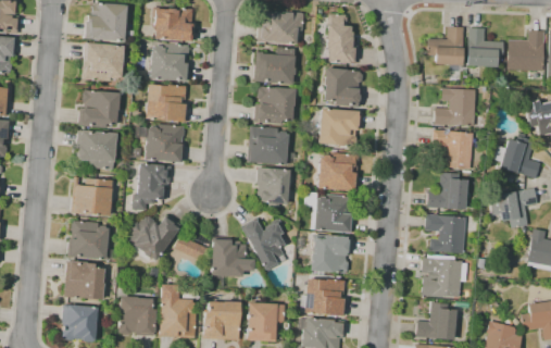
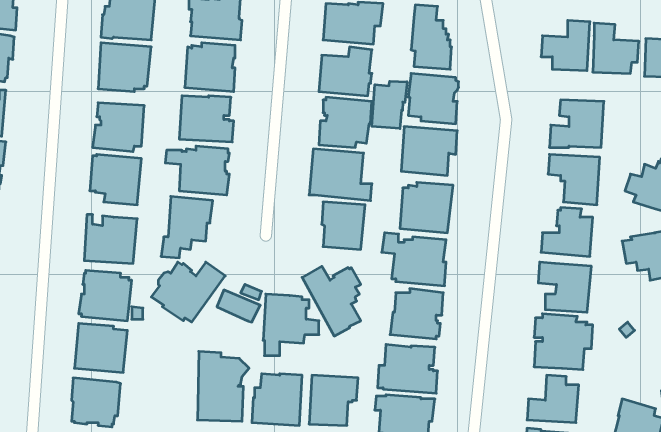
building: none -> [372,81,407,129]
building: [120,297,155,336] -> none

